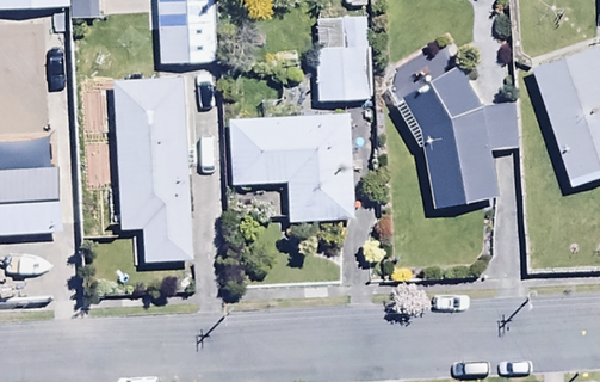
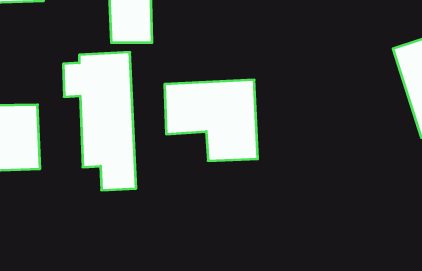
building: [315,16,367,100] -> none
building: [394,64,517,211] -> none

